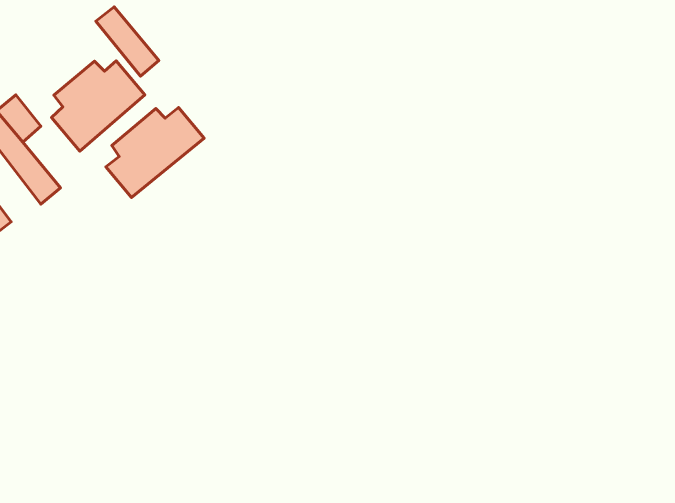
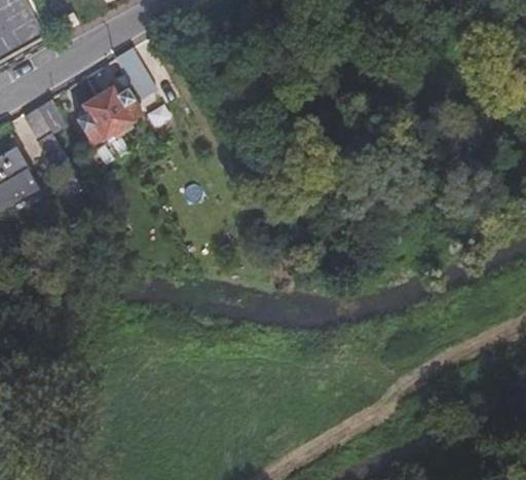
building: [106,108,204,198] -> none

